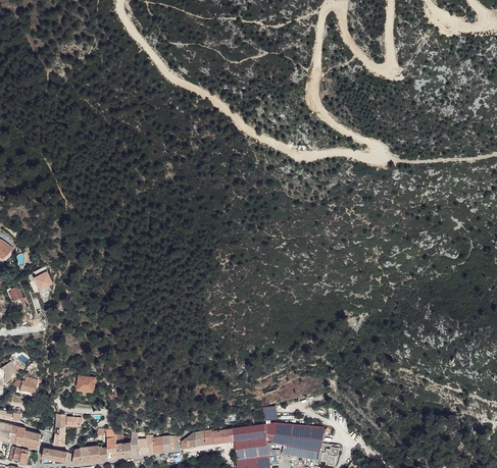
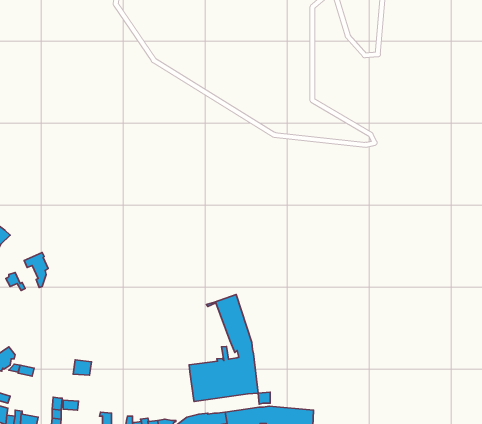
building: none -> [189,294,258,402]

